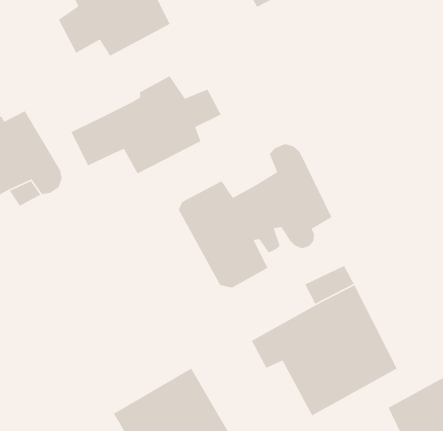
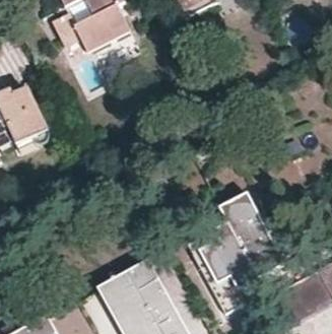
building: [70,75,222,174] -> none
building: [178,143,333,289] -> none

